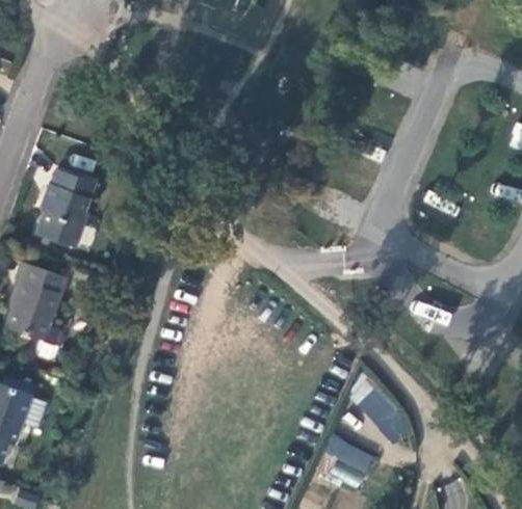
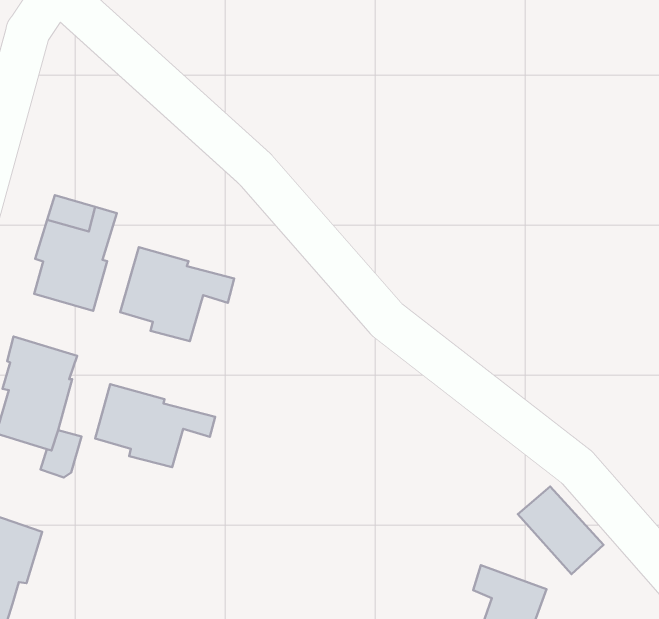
building: none -> [120,247,234,341]
building: none -> [95,384,215,467]

